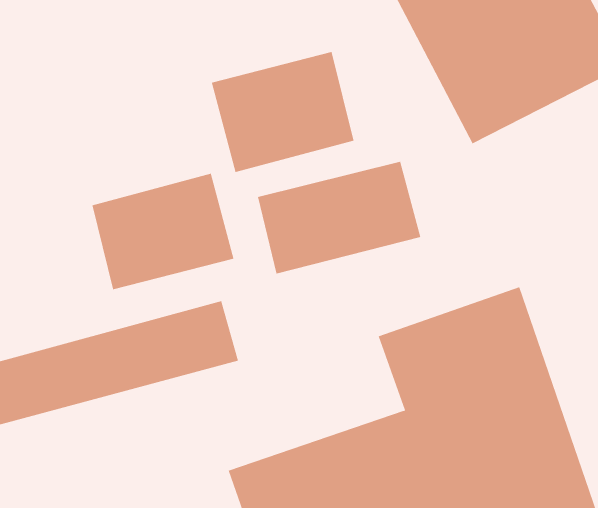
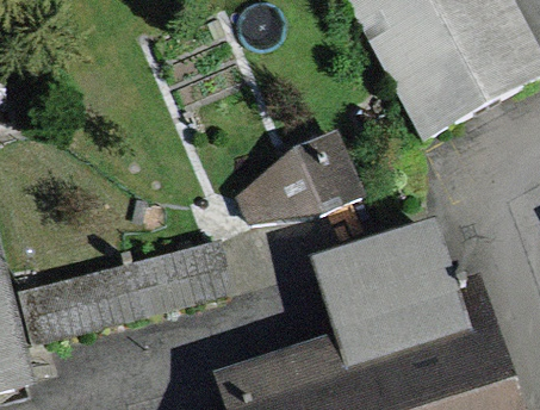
building: [211,51,354,173] -> none
building: [92,173,234,290] -> none

